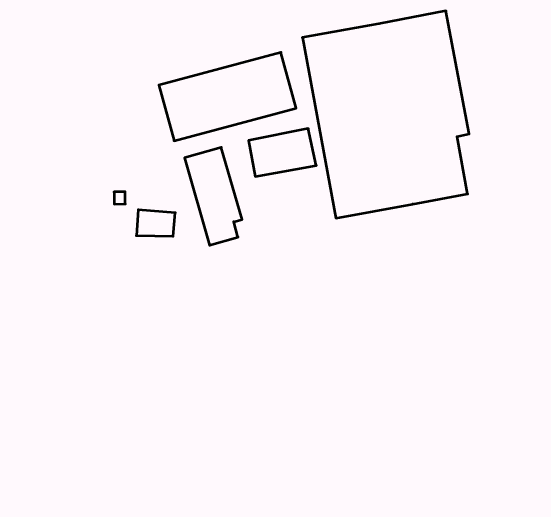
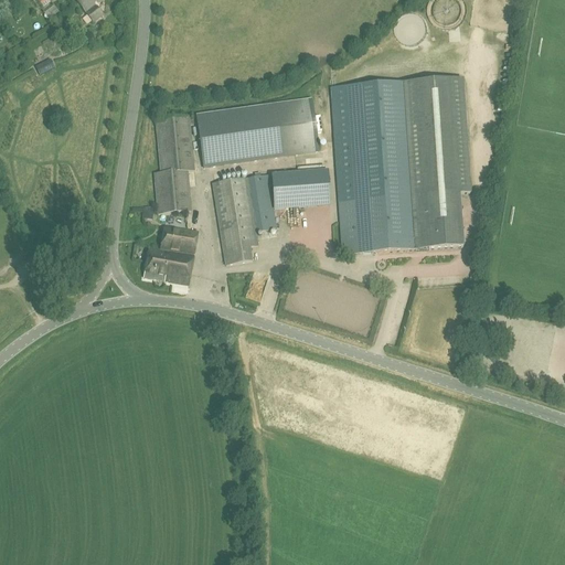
building: none -> [154,114,193,211]
building: none -> [248,172,276,230]
building: none -> [143,245,193,282]

